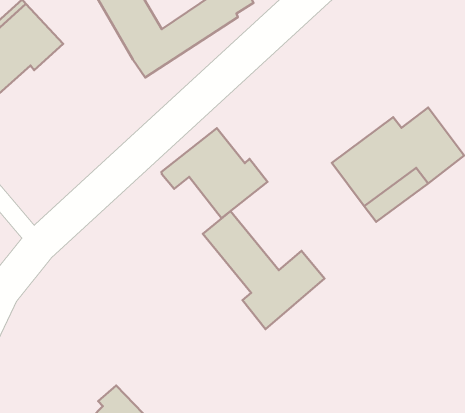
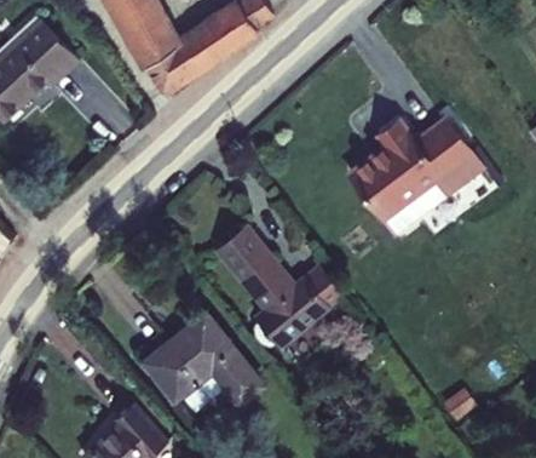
building: [162,128,268,218] -> none
building: none -> [145,314,263,408]

